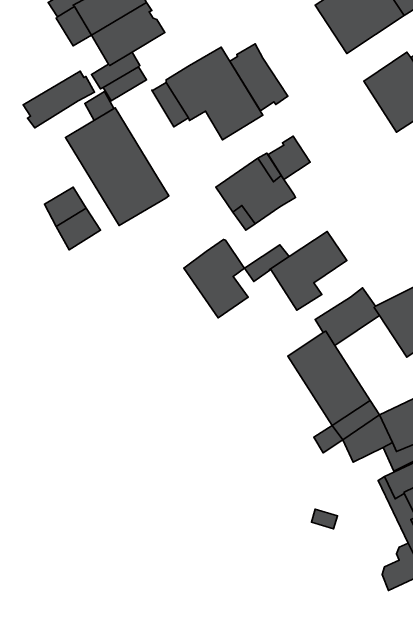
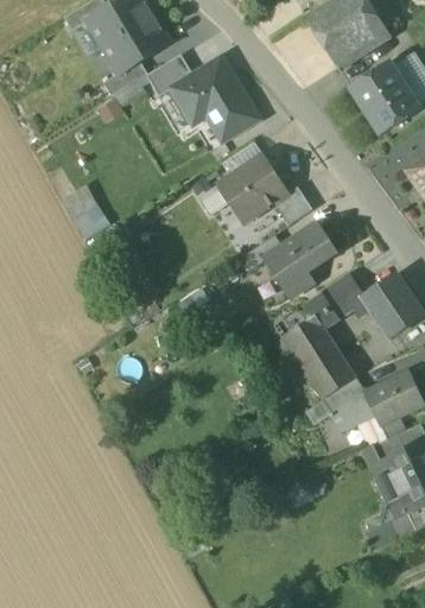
building: none -> [146,53,192,96]
building: [230,44,288,111] -> none
building: [23,71,94,128] -> none
building: [66,108,169,225] -> none
building: [268,136,310,179] -> [274,185,312,224]
building: [184,240,248,318] -> none

